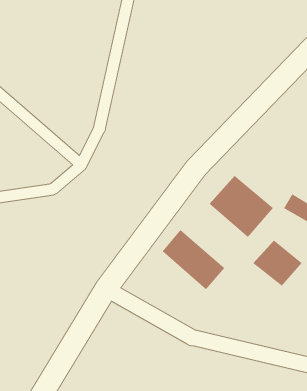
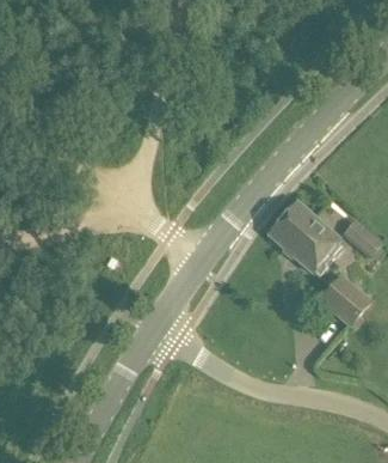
building: [162,229,225,290] -> none

